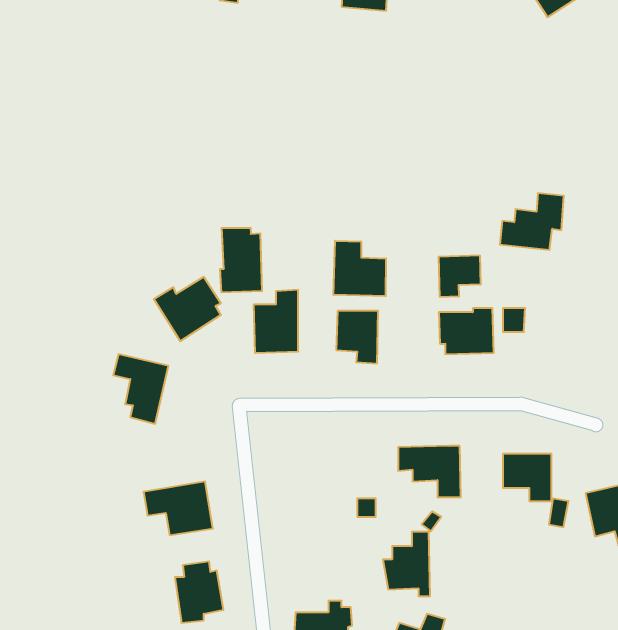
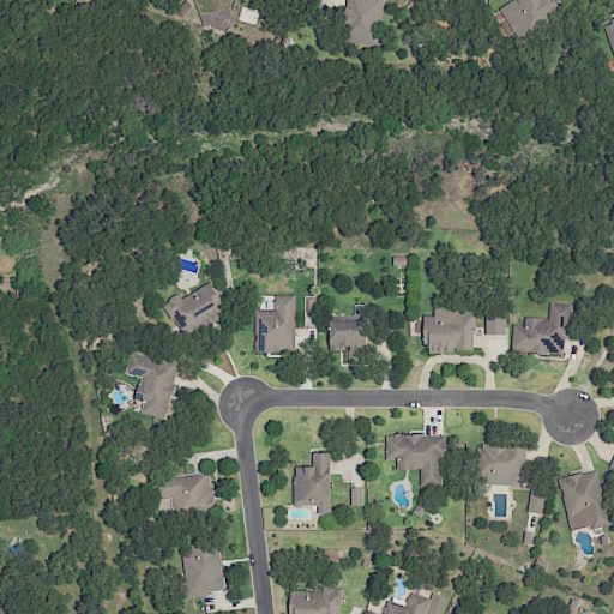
building: [500,193,564,250] -> [513,301,572,353]
building: [220,228,262,292] -> none
building: [333,241,386,296] -> none
building: [439,255,481,297] -> none
building: [383,532,430,596] -> [288,451,331,510]

